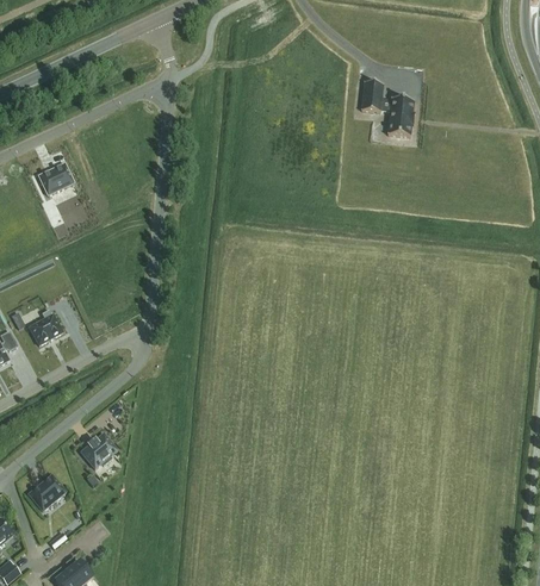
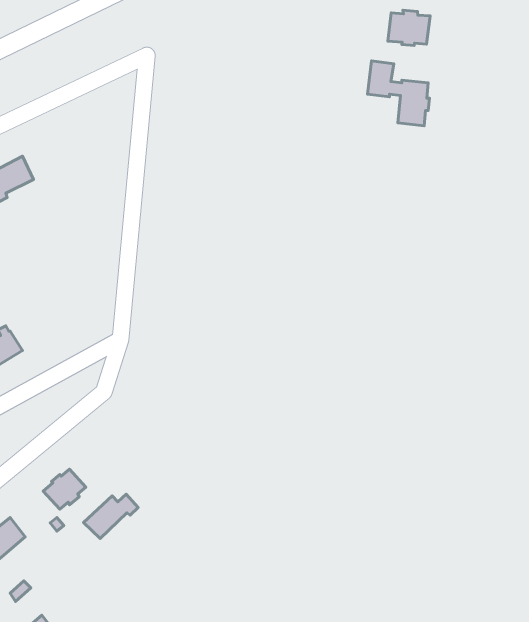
building: none -> [388,10,430,45]
building: none -> [83,494,138,538]

